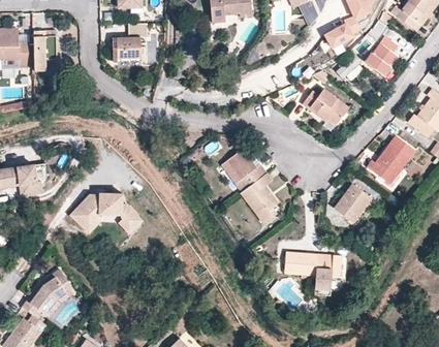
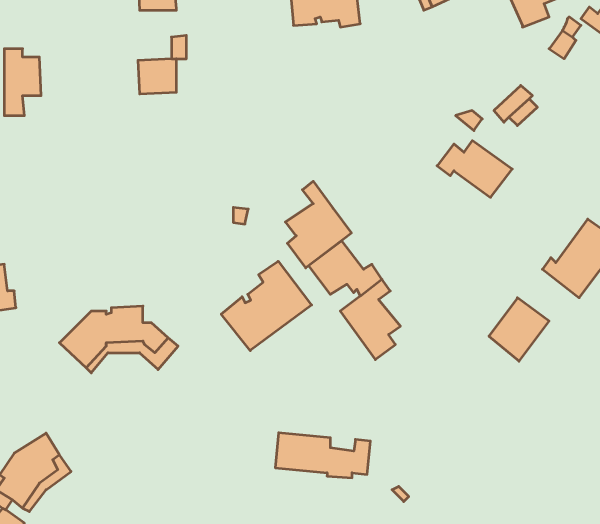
building: [325,17,359,48] -> none
building: [366,35,397,72] -> none
building: none -> [285,181,351,268]
building: none -> [221,261,312,351]
building: [283,253,342,281] -> [275,433,370,478]

